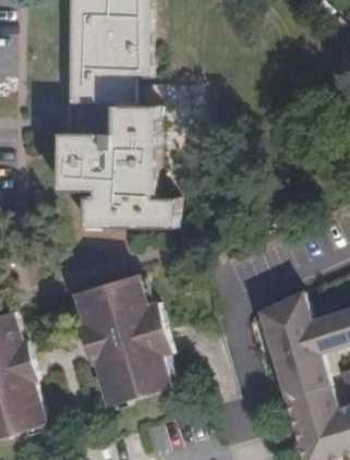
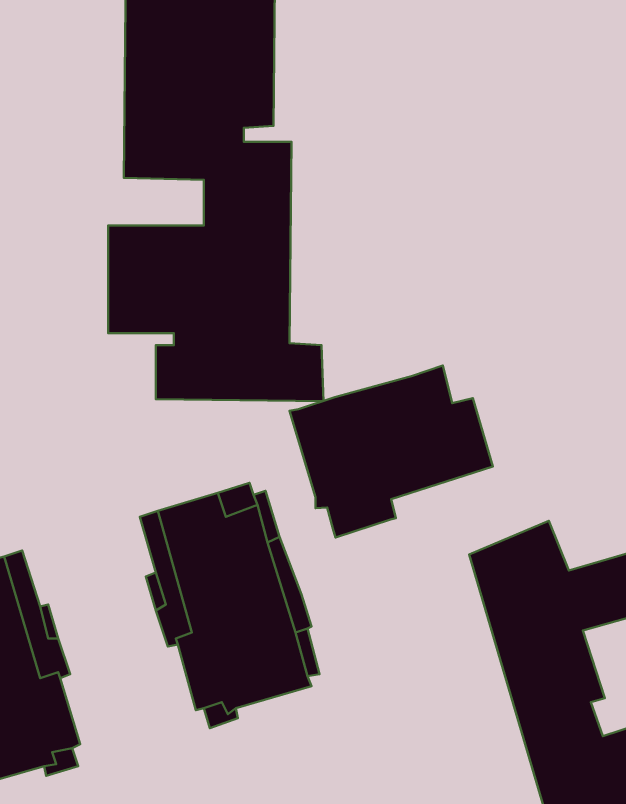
building: none -> [289,365,493,537]

